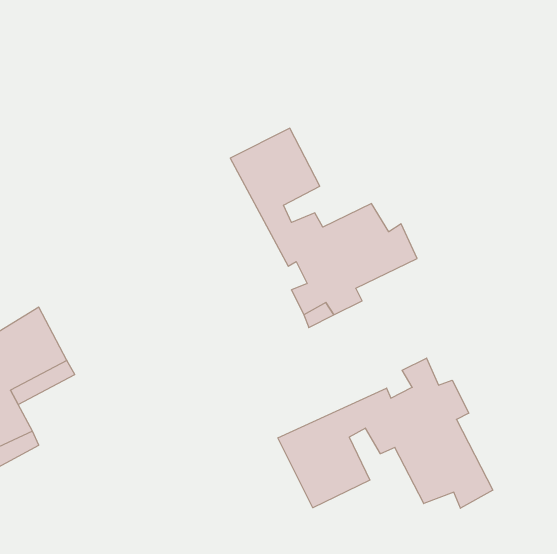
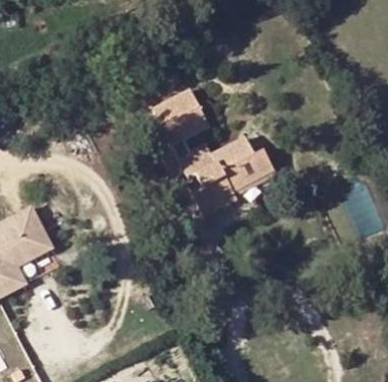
building: [278,358,493,508] -> none

